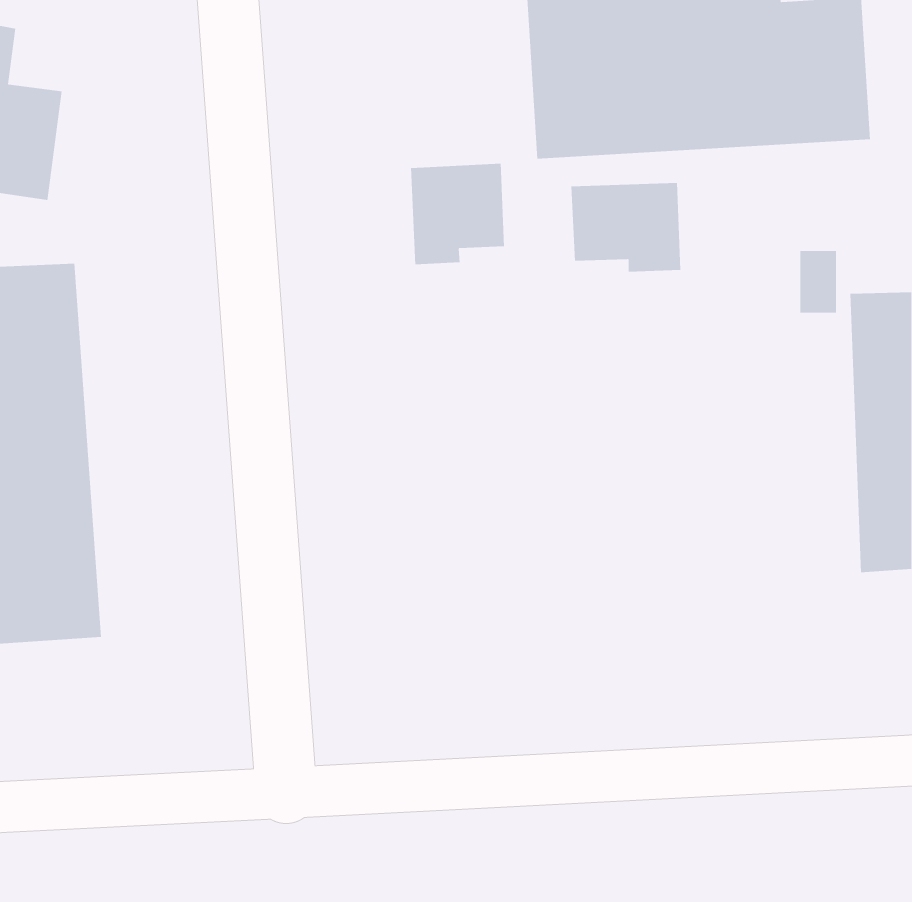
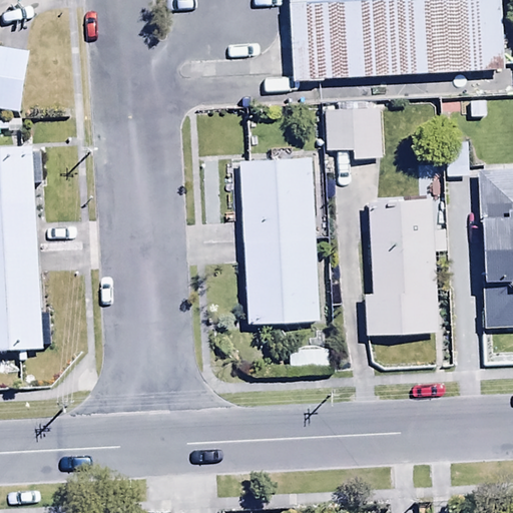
building: [410,163,505,265] -> none
building: none -> [238,152,327,322]
building: none -> [368,192,436,331]

